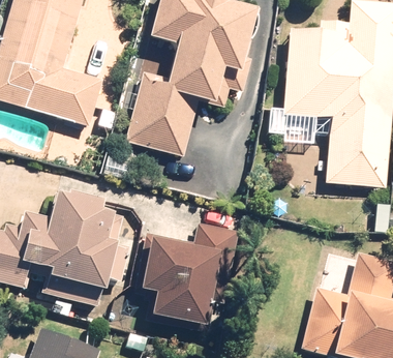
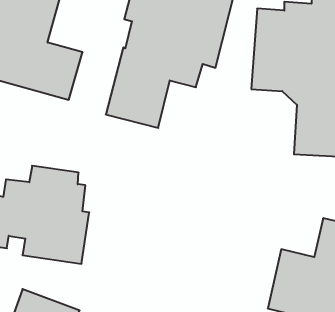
building: [133,220,237,330] -> none

